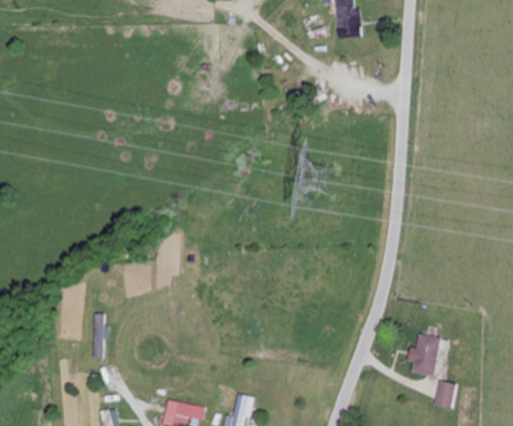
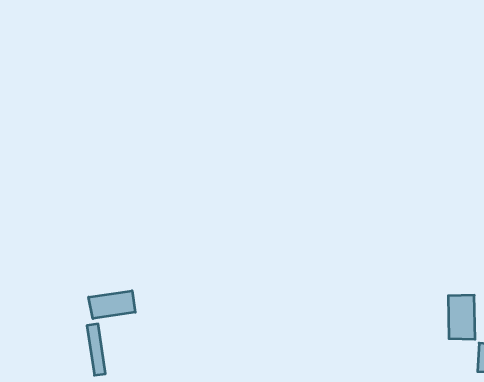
building: none -> [89,291,135,319]

